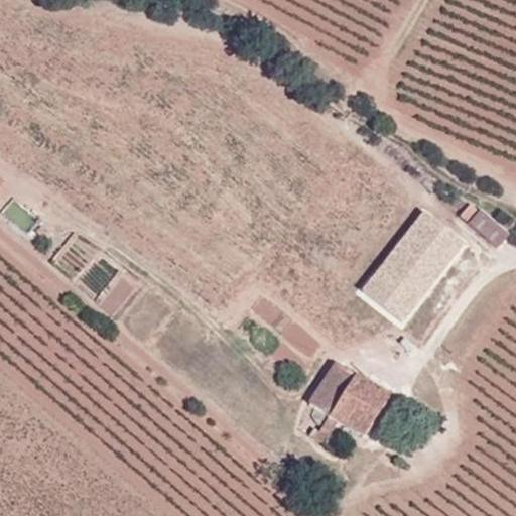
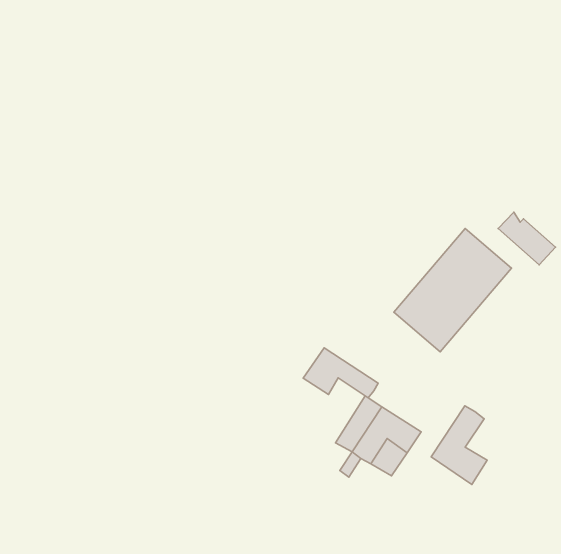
building: none -> [303,348,378,398]
building: none -> [431,406,487,484]

